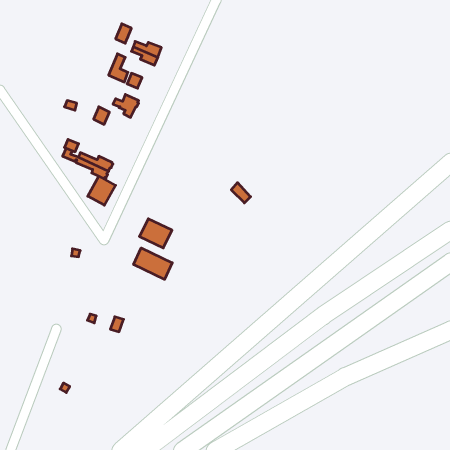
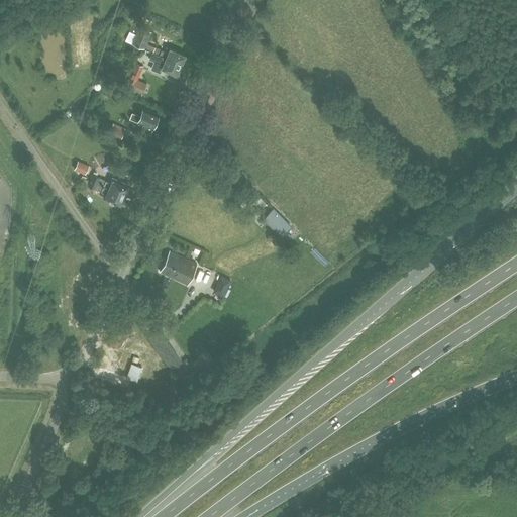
building: [88,176,116,205] -> none
building: [134,248,172,279] -> none

